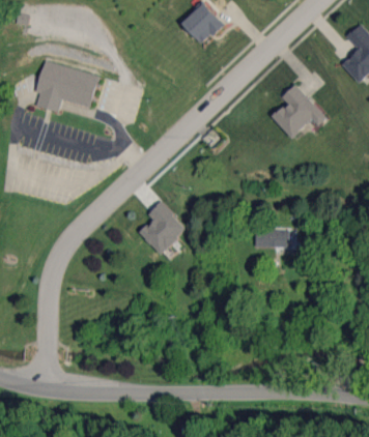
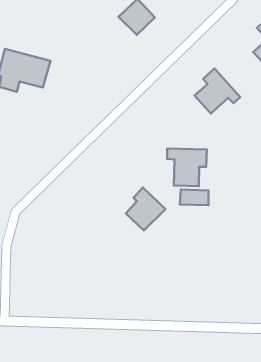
building: none -> [167,148,207,186]
building: [139,202,187,254] -> [126,187,165,231]

